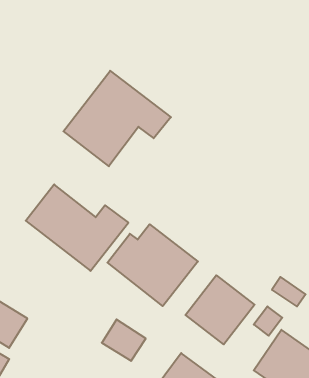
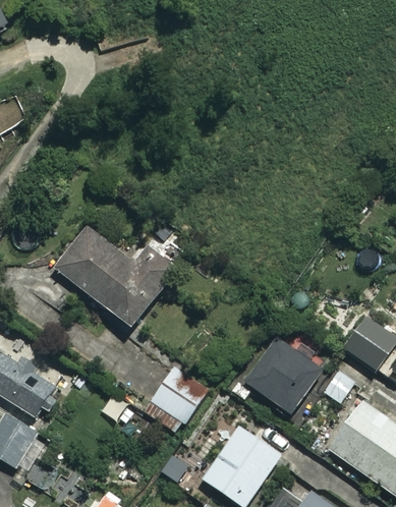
building: [63,71,171,166] -> none
building: [107,224,198,306] -> none

